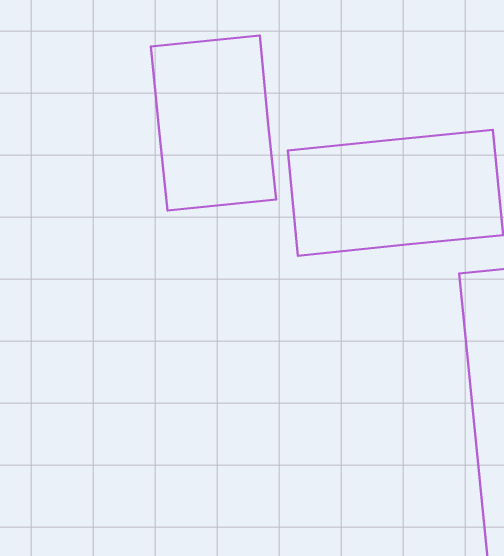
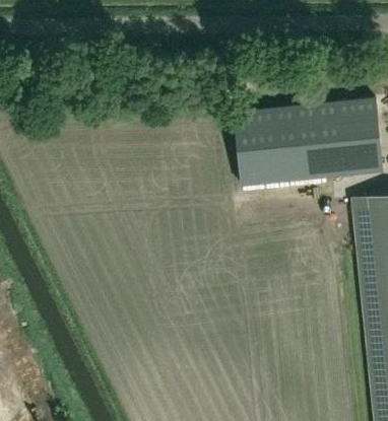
building: [151,35,276,211] -> none

